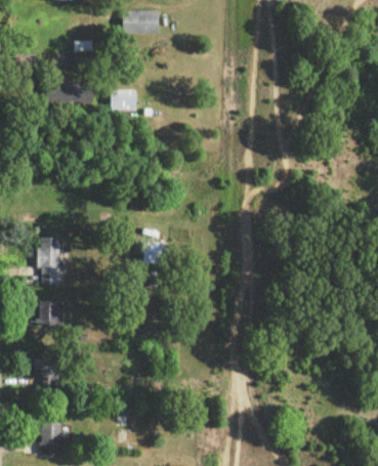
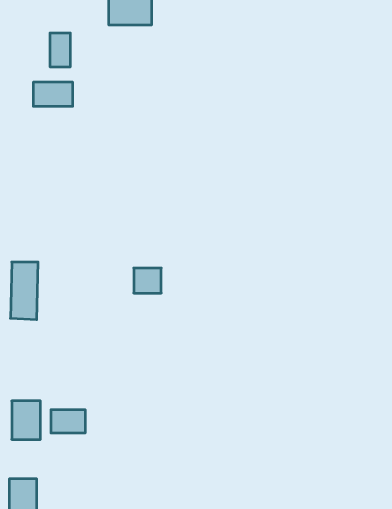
building: [110,90,136,112] -> none
building: [39,301,61,324] -> none
building: none -> [51,410,85,433]

